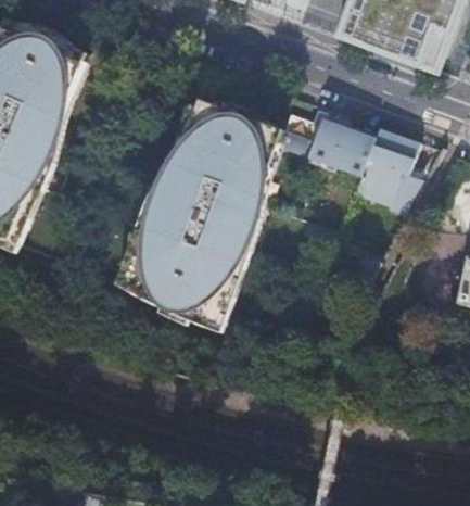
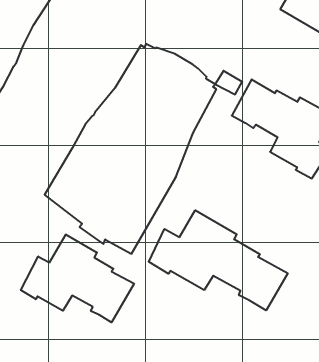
building: none -> [149,210,288,310]
building: none -> [21,234,134,322]

